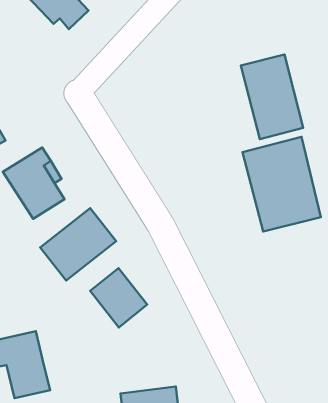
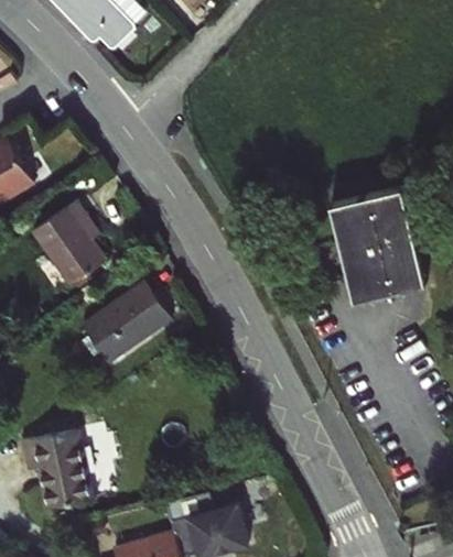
building: [241,54,303,139] -> none
building: [90,268,147,327] -> none

